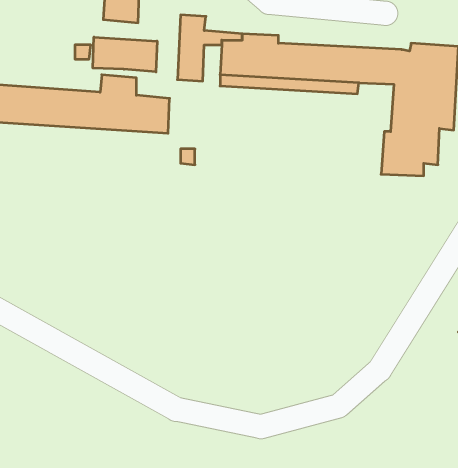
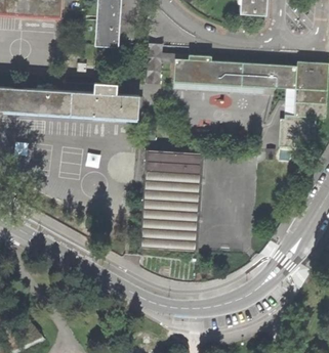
building: [93,37,157,72] -> none
building: none -> [140,149,204,253]

